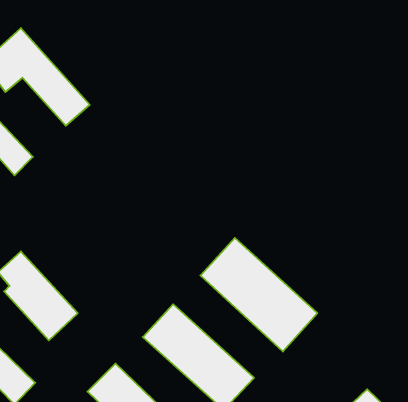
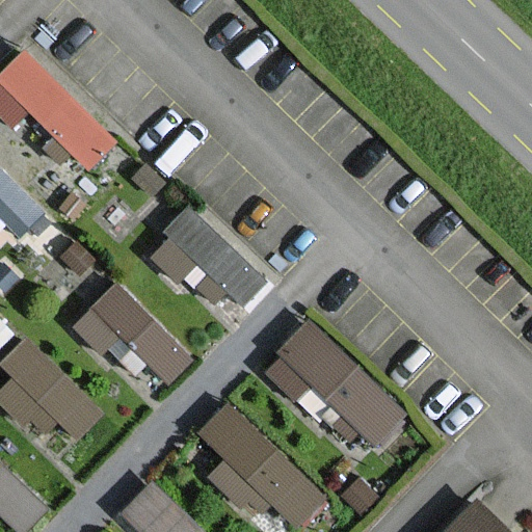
building: none -> [145,205,270,323]
building: none -> [73,280,196,401]

